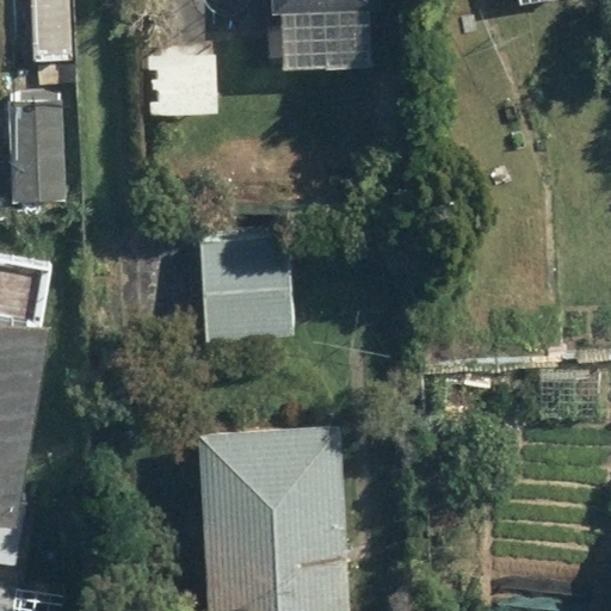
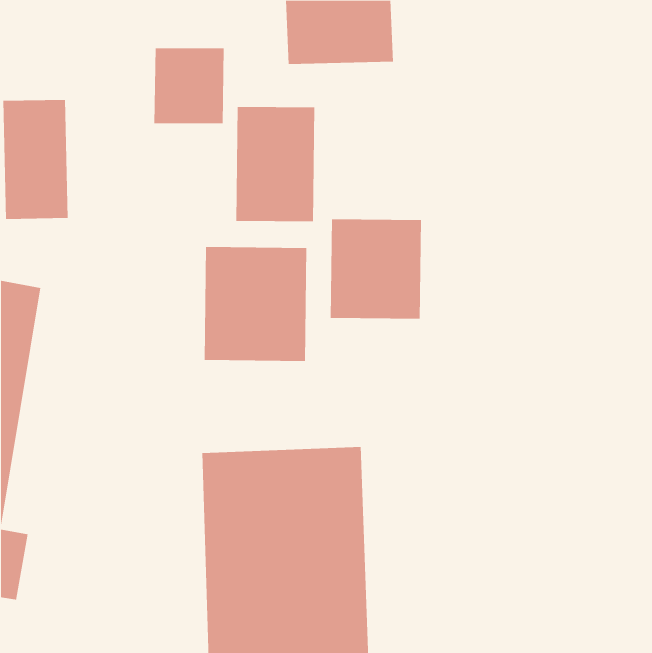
building: none -> [236,106,315,222]
building: none -> [330,219,421,320]

